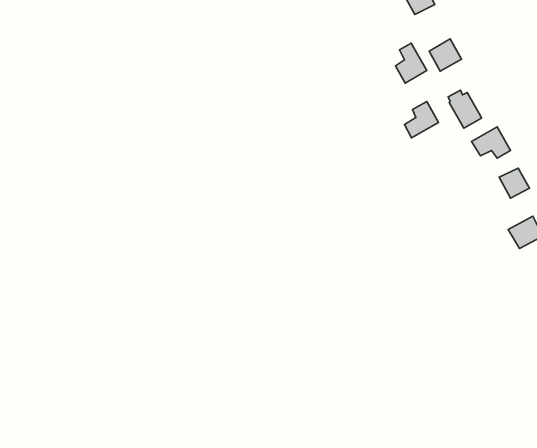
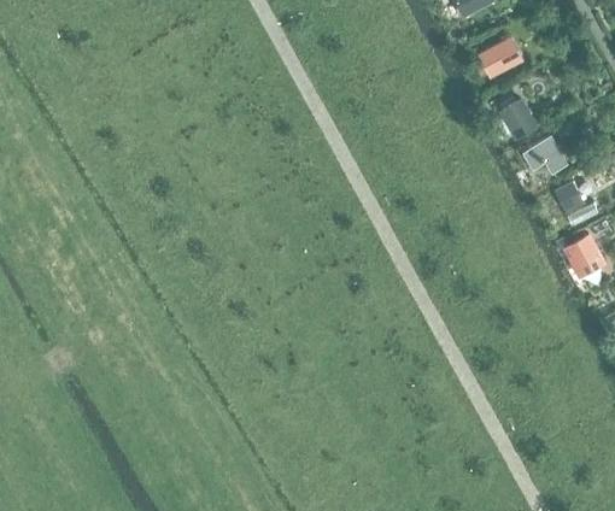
building: [396,43,427,83] -> none
building: [404,102,439,138] -> none

